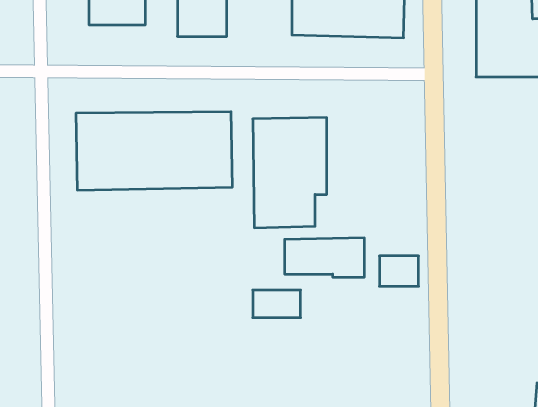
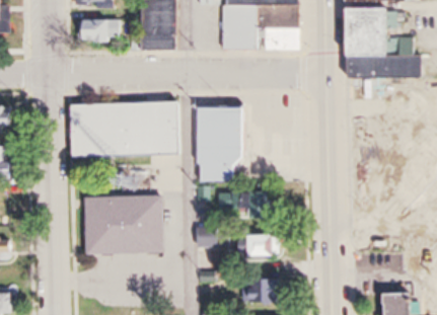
building: none -> [84,194,163,253]
building: [379,256,419,286] -> [249,234,277,255]
building: none -> [241,279,281,302]

